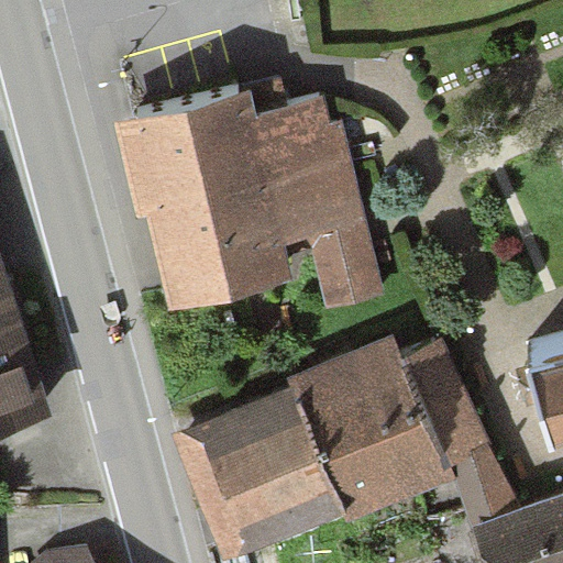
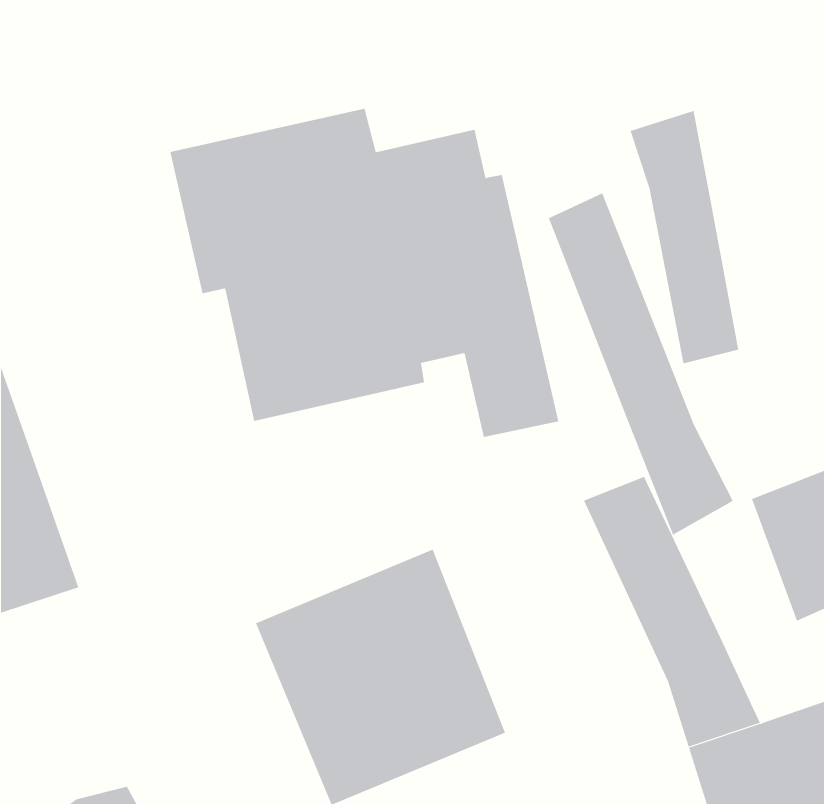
building: none -> [630,110,739,364]
building: none -> [548,193,734,535]
building: [290,336,455,521] -> none

